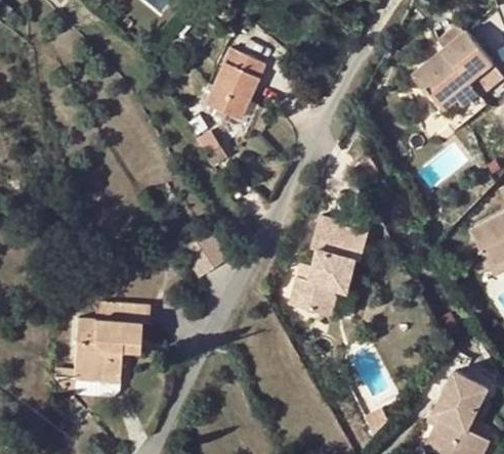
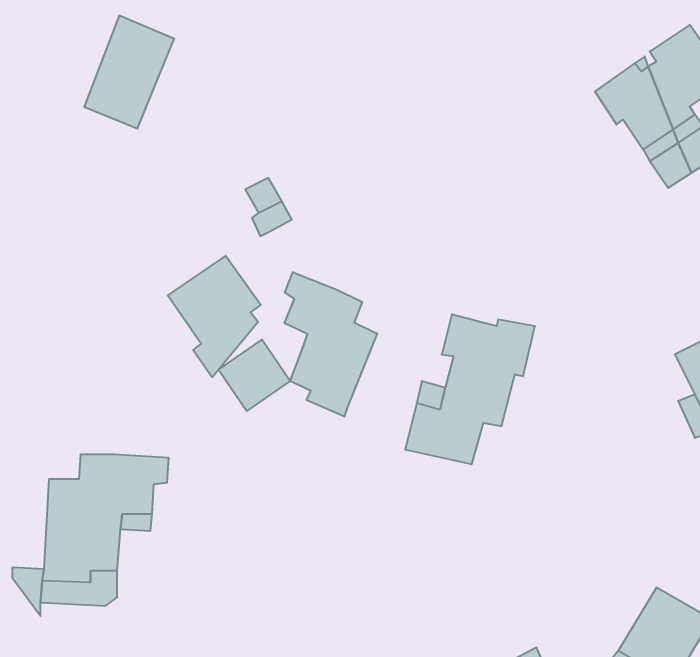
building: [210,45,265,115] -> [84,15,174,129]
building: none -> [168,256,261,377]
building: none -> [285,272,377,417]

